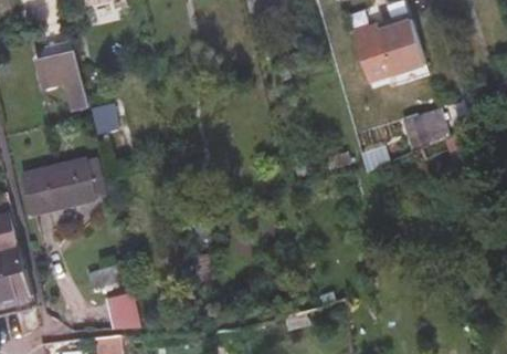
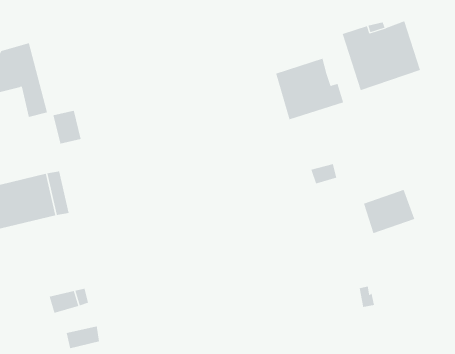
building: none -> [275,58,344,120]
building: [403,107,451,148] -> [363,189,415,234]

